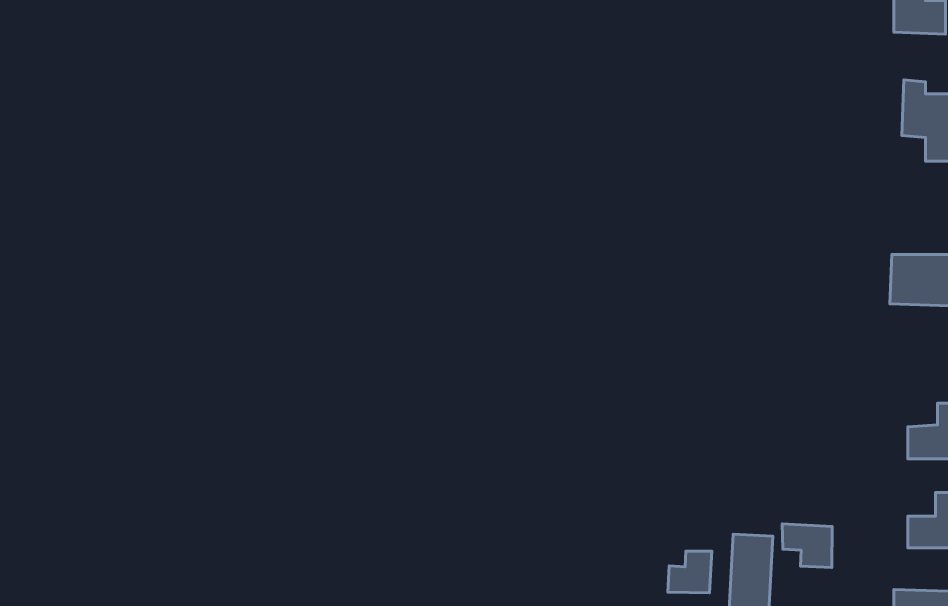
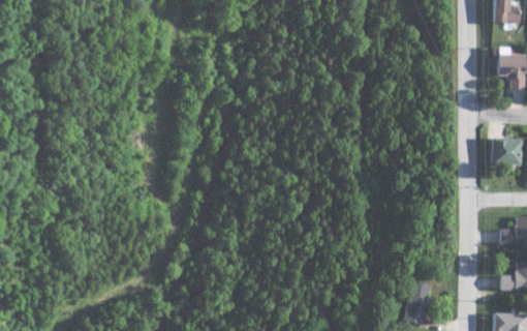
building: [782,524,832,568] -> none
building: [668,551,712,593] -> none

